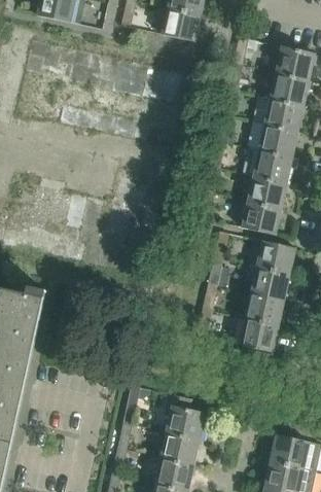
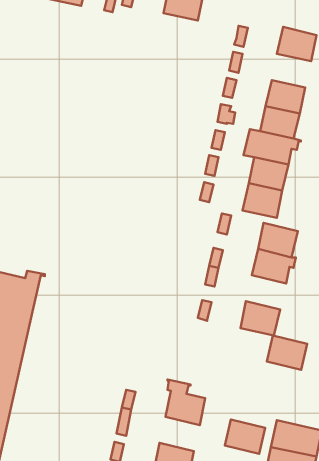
building: [271,73,310,106] -> none
building: [245,291,285,325] -> [267,335,307,370]
building: [159,431,200,465] -> [225,419,265,454]

